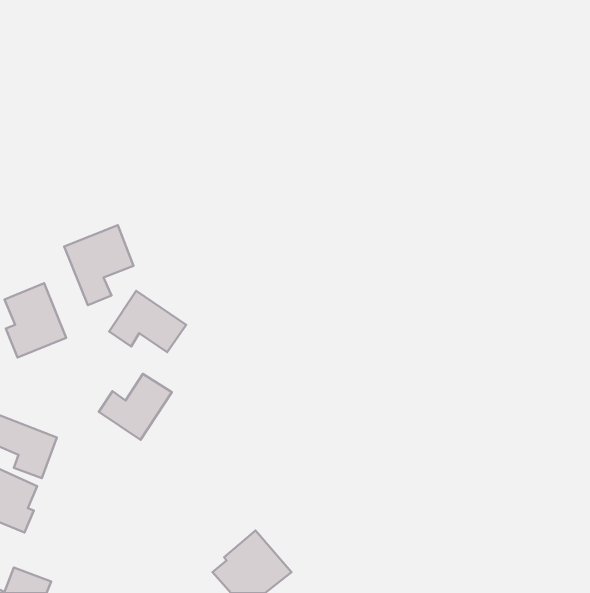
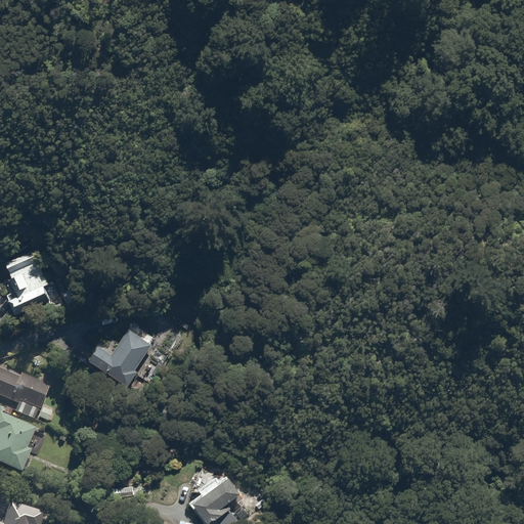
building: [64,225,134,305] -> none
building: [109,291,186,352] -> none

